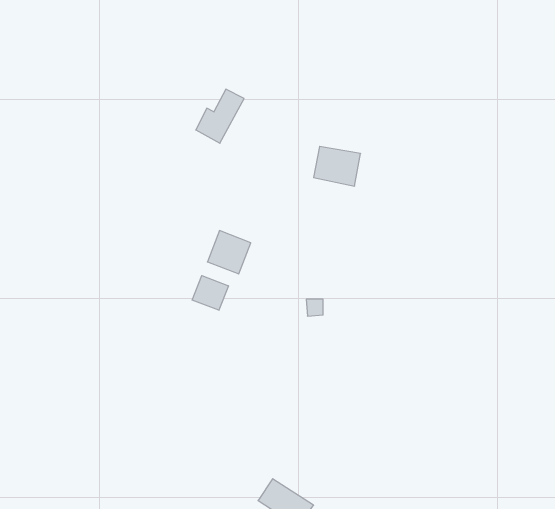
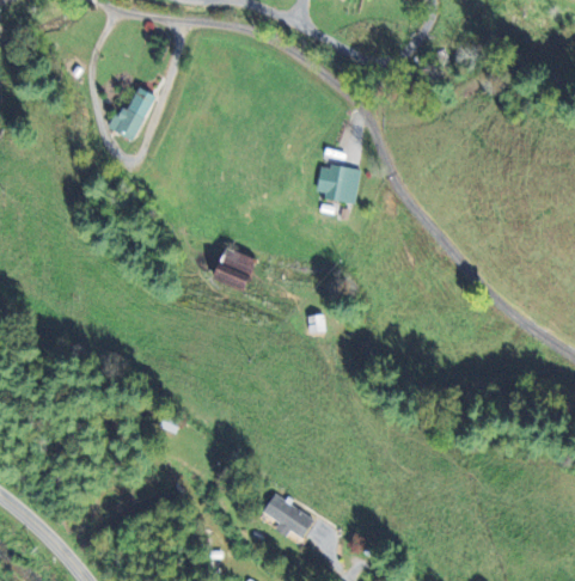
building: [196,89,244,143] -> [110,86,158,140]
building: [192,276,228,310] -> none

